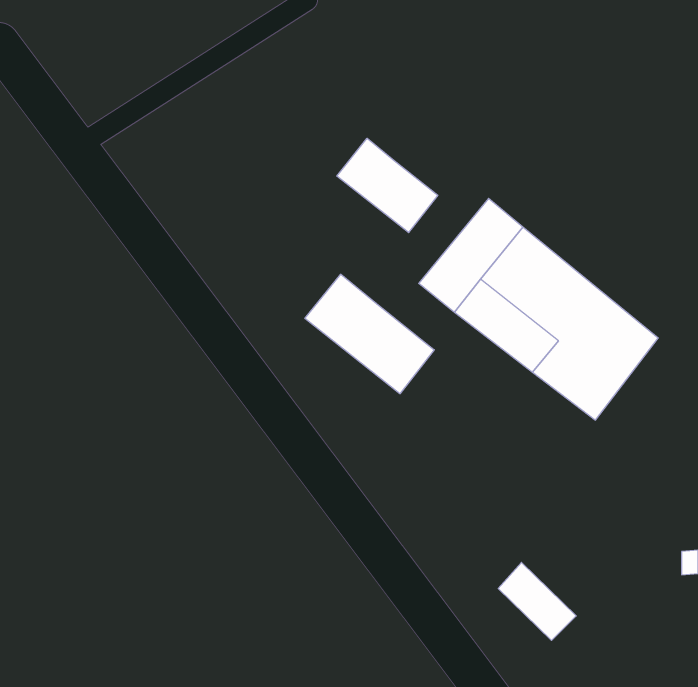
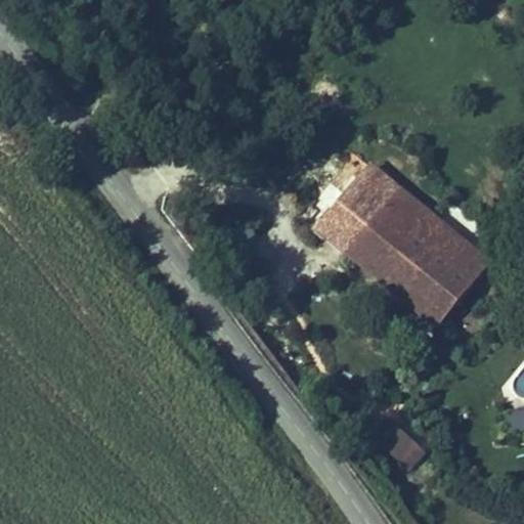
building: [337,138,438,233] -> none
building: [305,274,434,394] -> none

